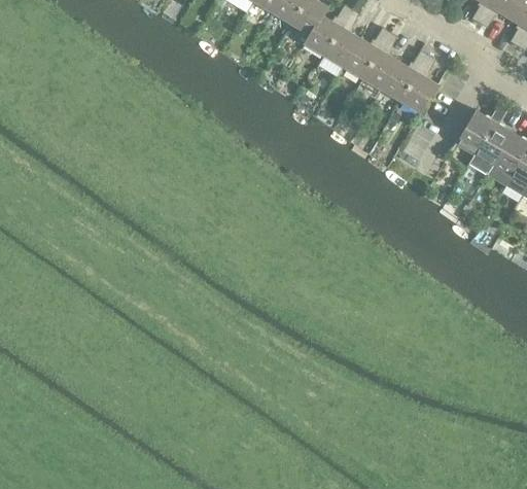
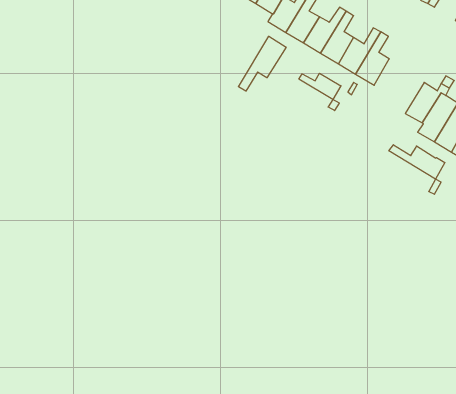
building: none -> [238,36,286,91]
building: none -> [299,73,341,99]
building: none -> [389,145,445,179]

